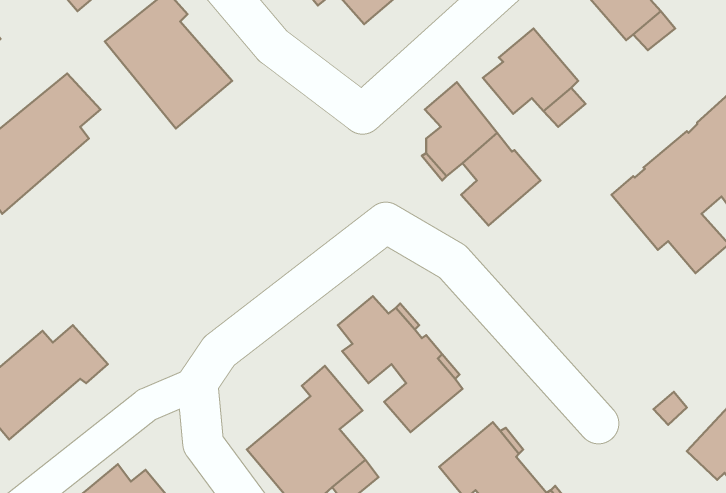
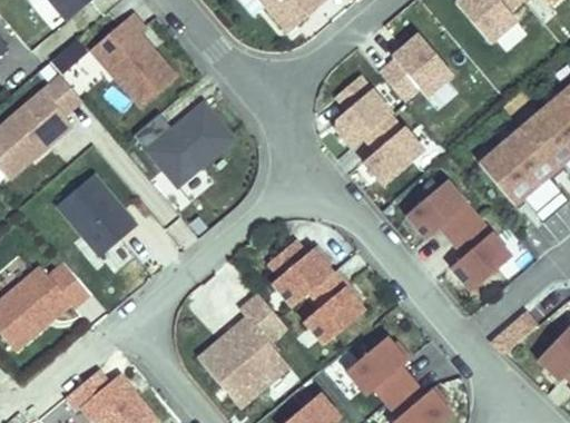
building: none -> [135,101,234,186]
building: none -> [57,174,137,256]
building: none -> [405,179,512,291]

